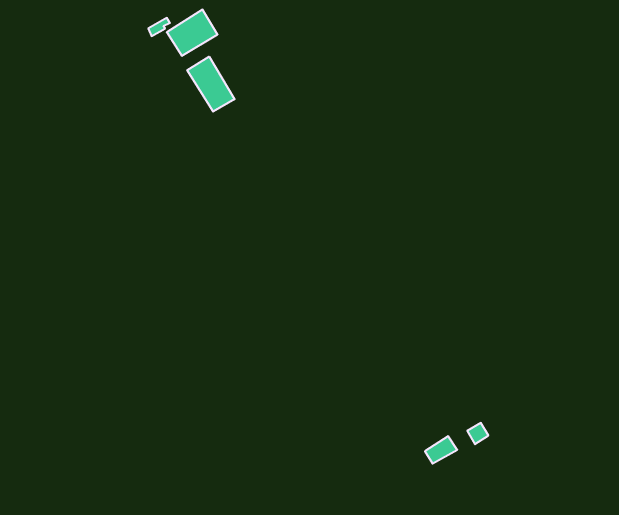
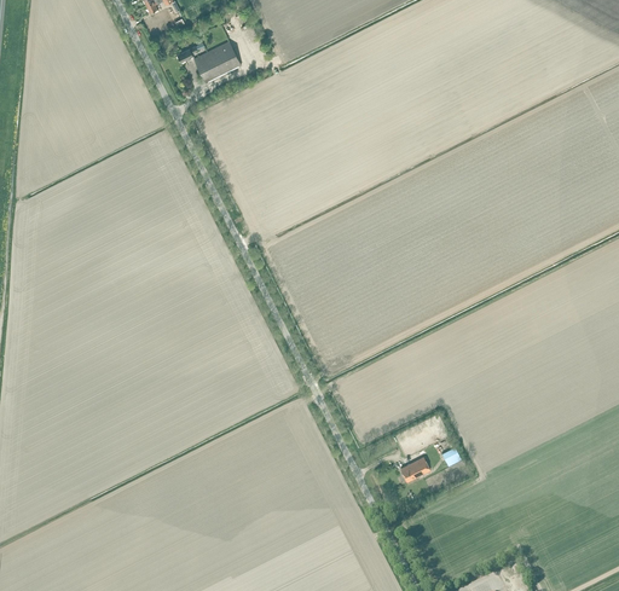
building: [187,57,235,112] -> none

